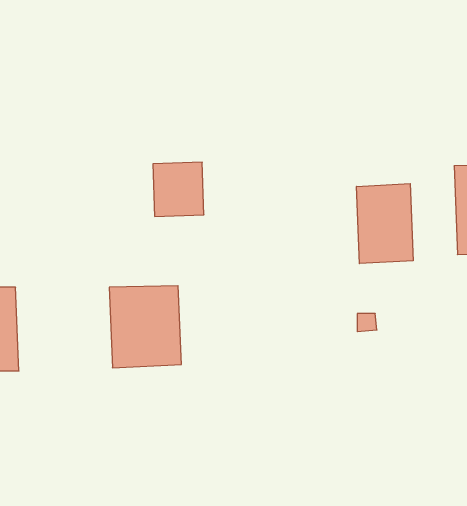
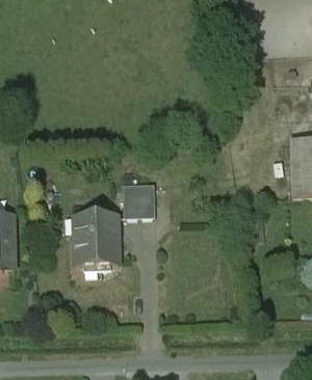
building: [153,162,204,216] -> [124,182,156,216]
building: [357,184,413,264] -> none

